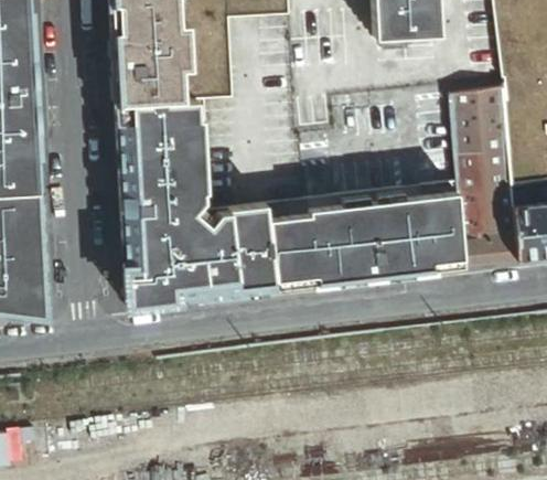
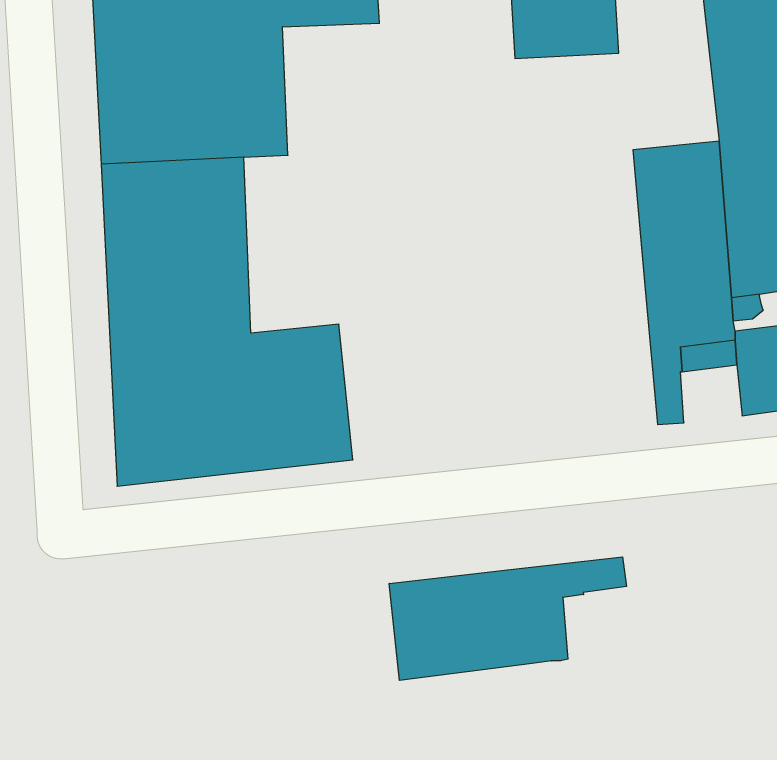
building: [264,182,463,289] -> none
building: [478,230,516,266] -> none
building: none -> [389,557,626,680]

